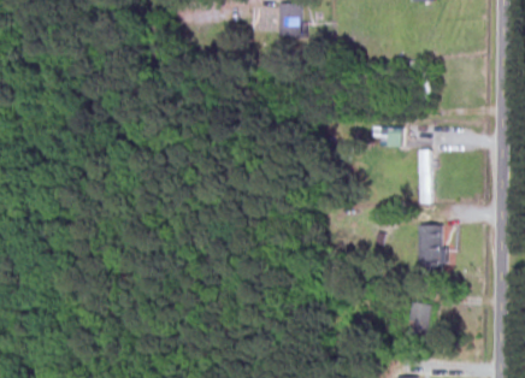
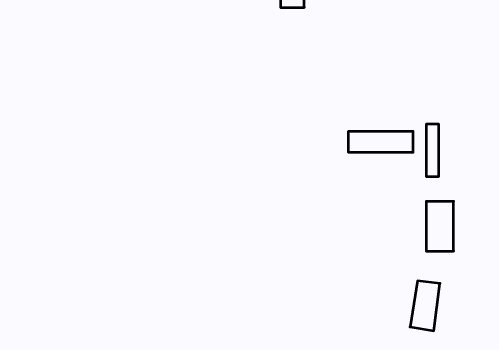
building: none -> [349,131,413,152]

